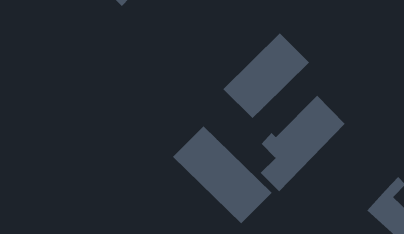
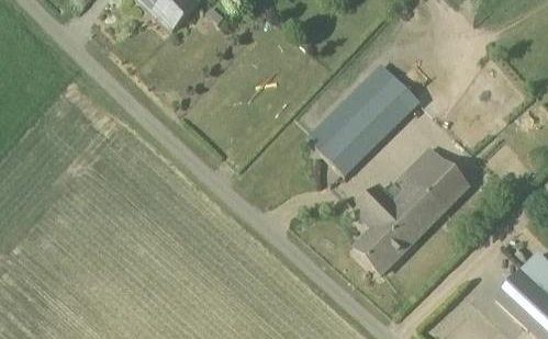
building: [172,125,272,224] -> none

